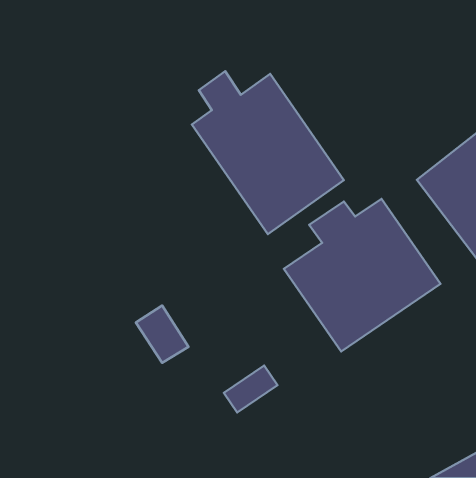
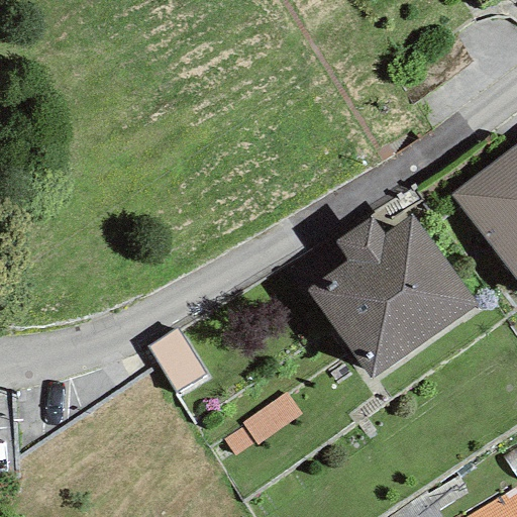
building: [192,71,344,234] -> none

